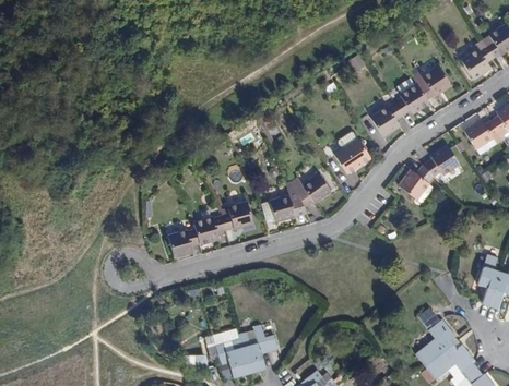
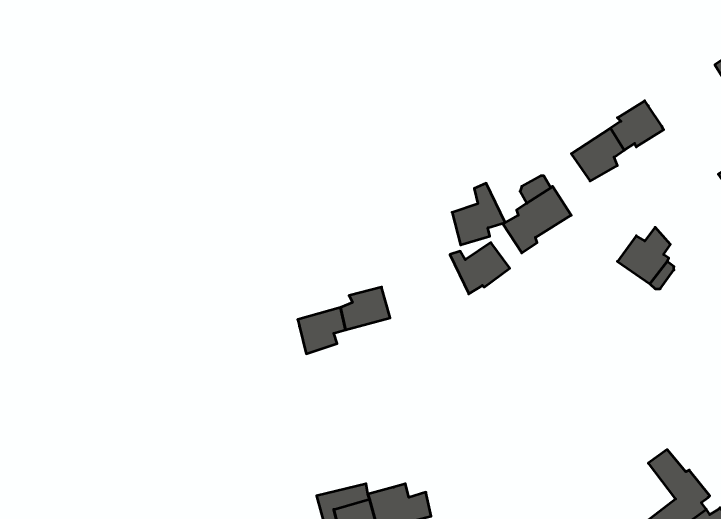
building: [417,67,450,100] -> none
building: [422,145,459,176] -> none
building: [269,182,303,221] -> [452,183,505,245]
building: [167,228,199,257] -> none

